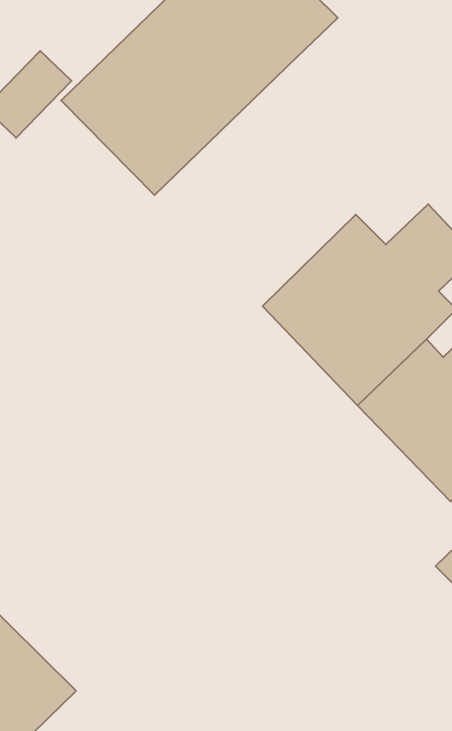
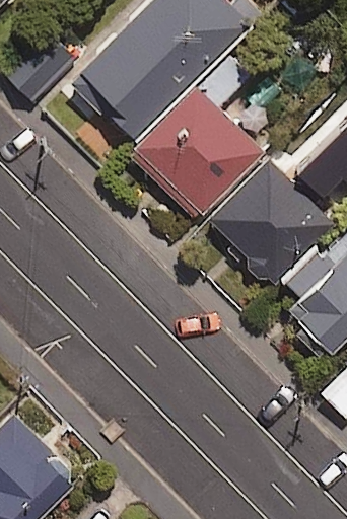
building: none -> [131,52,263,215]

